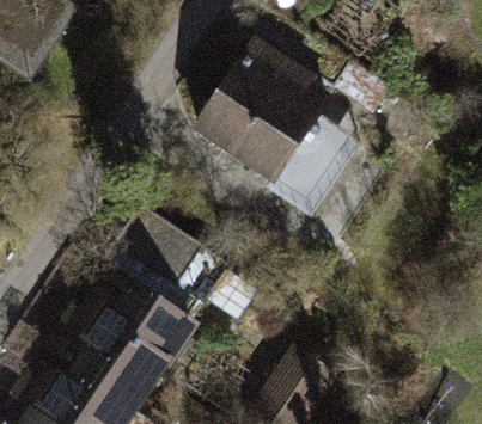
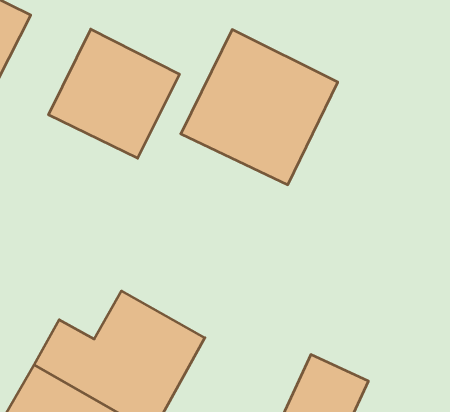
building: none -> [49,29,179,158]

